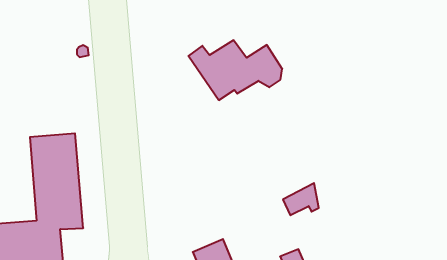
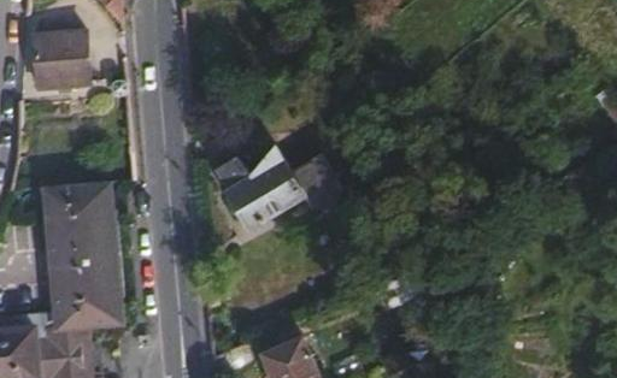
building: none -> [33,34,87,89]
building: [188,40,282,100] -> [217,150,340,229]

